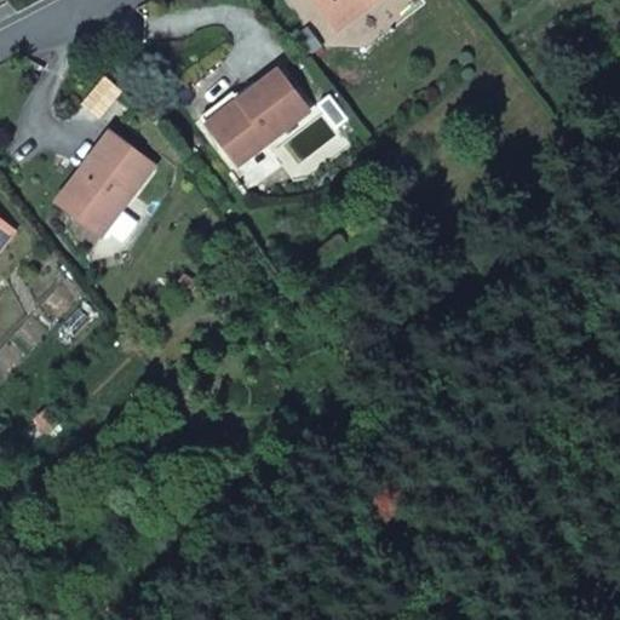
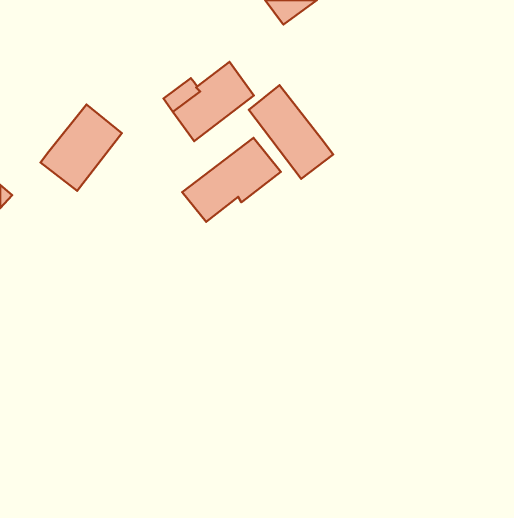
building: none -> [249,85,333,179]
building: none -> [182,138,281,222]

